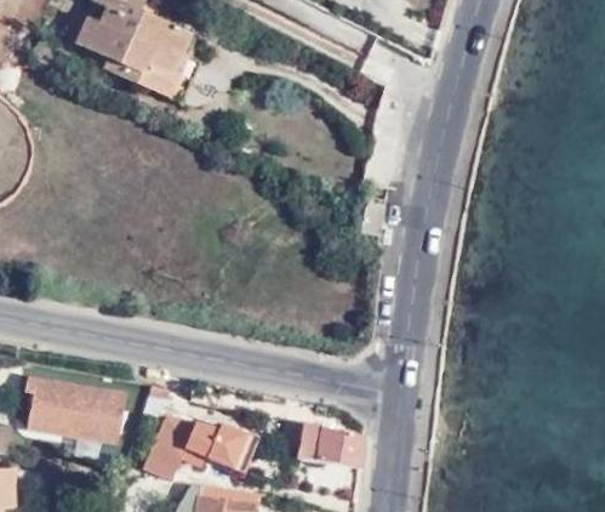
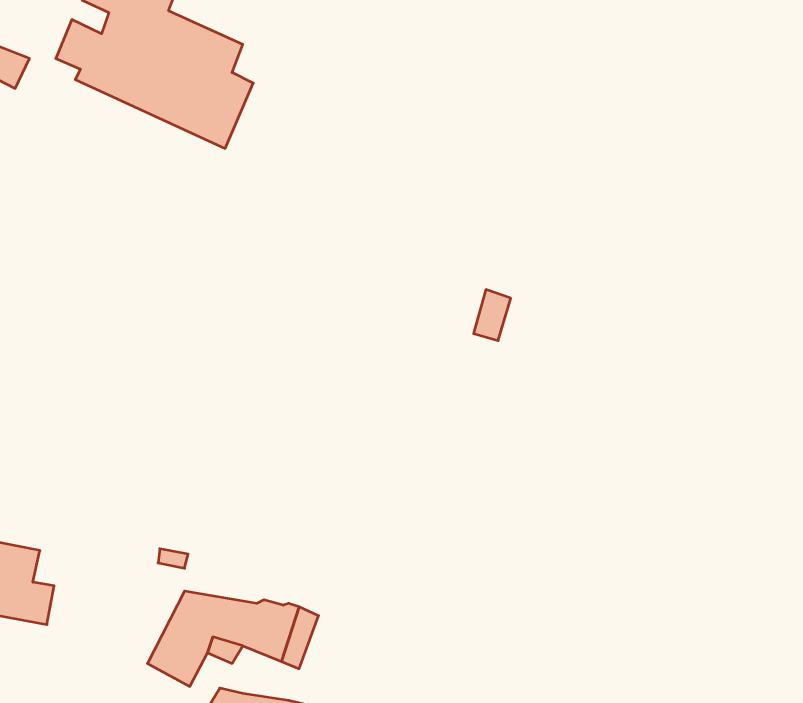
building: [63,388,124,446] -> none
building: [281,414,363,473] -> none

